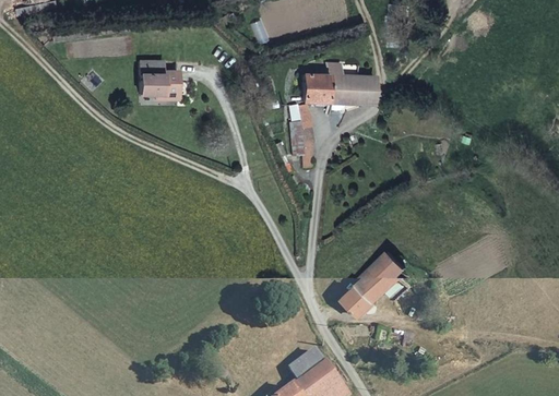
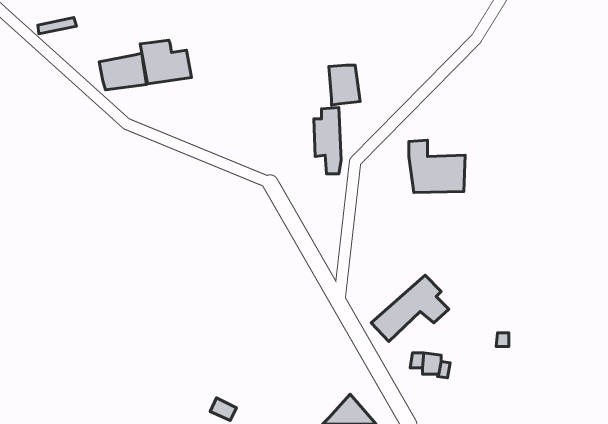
building: [325,61,374,107] -> [409,140,465,193]
building: none -> [99,53,146,90]
building: [292,351,321,383] -> none

